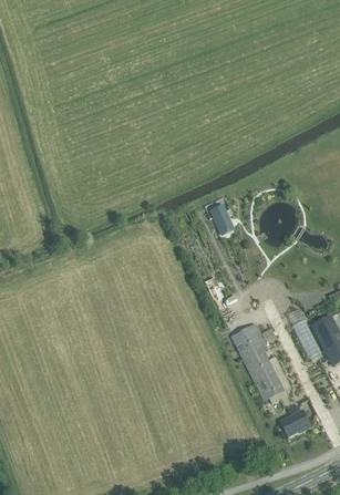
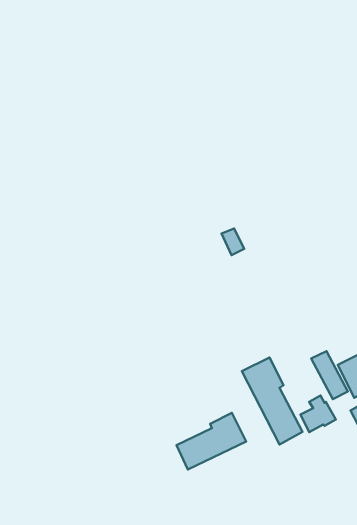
building: none -> [176,413,246,470]
building: [280,404,311,436] -> [300,395,336,432]

